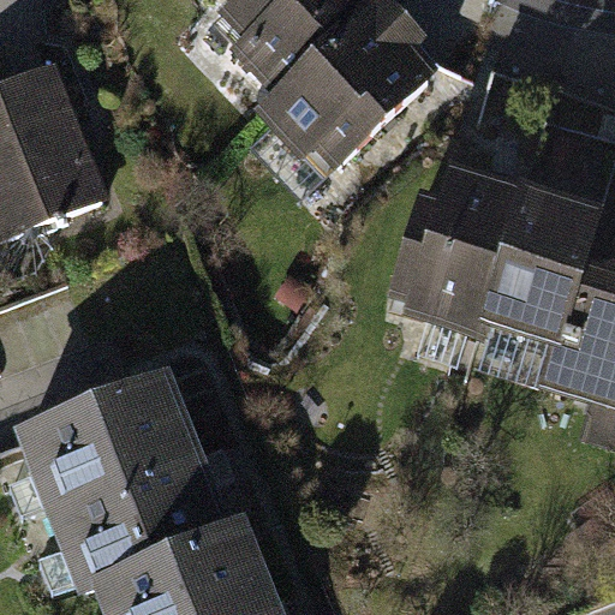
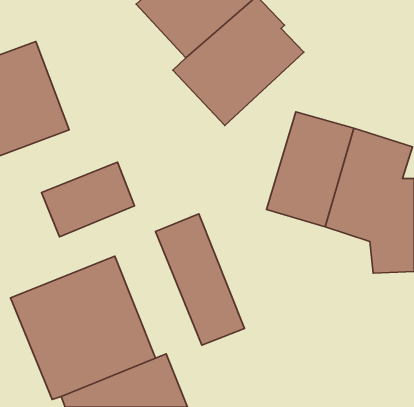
building: none -> [42,162,135,237]
building: none -> [156,214,245,345]

